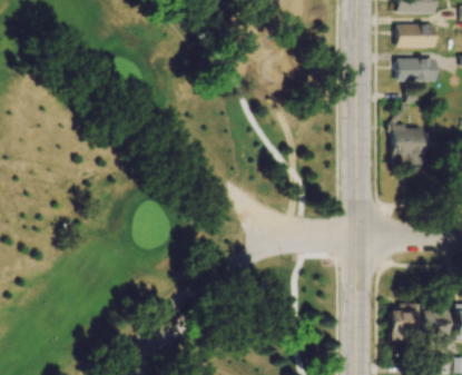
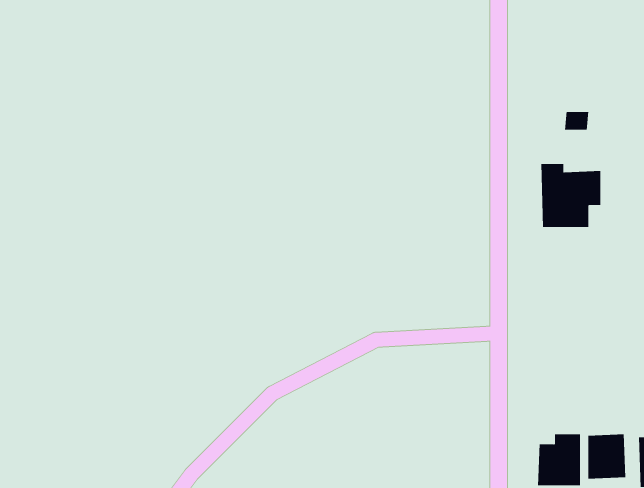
building: [399,24,438,48] -> none
building: [397,59,438,82] -> none

